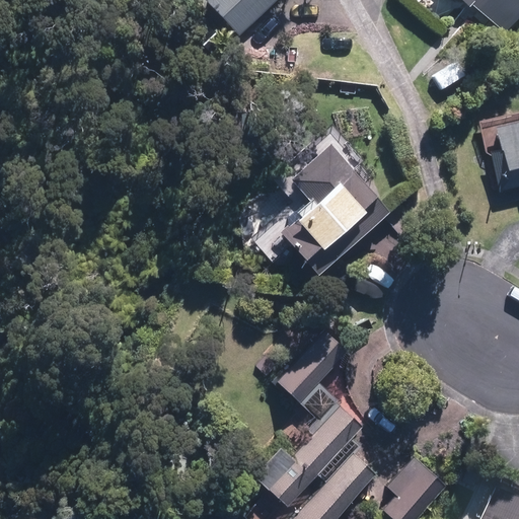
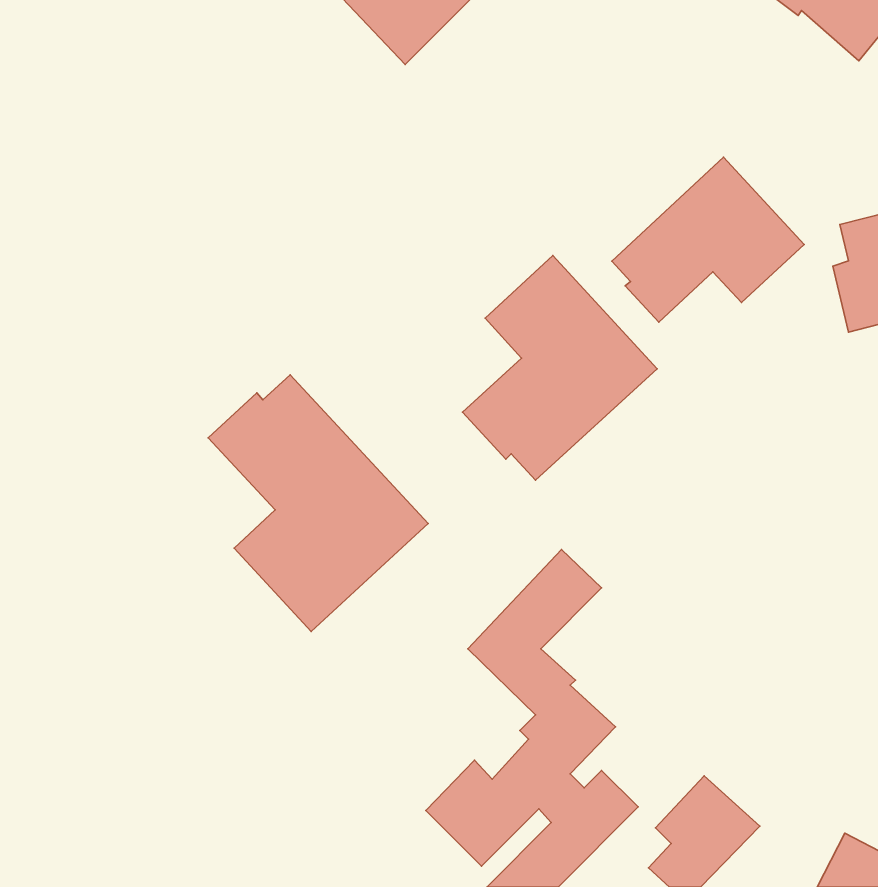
building: none -> [612,157,804,322]
building: none -> [208,375,428,632]

